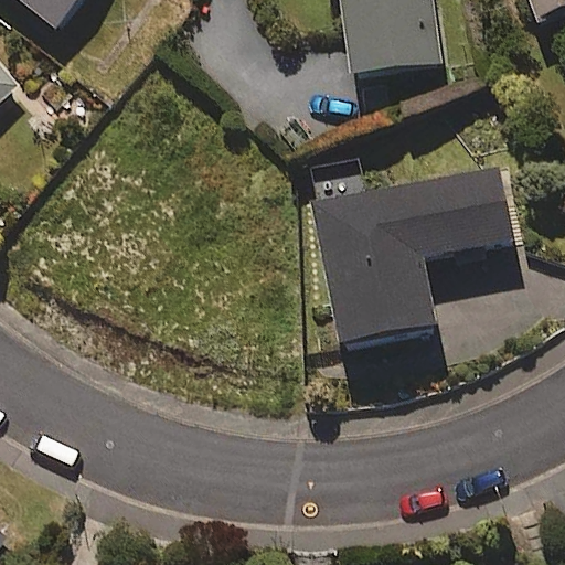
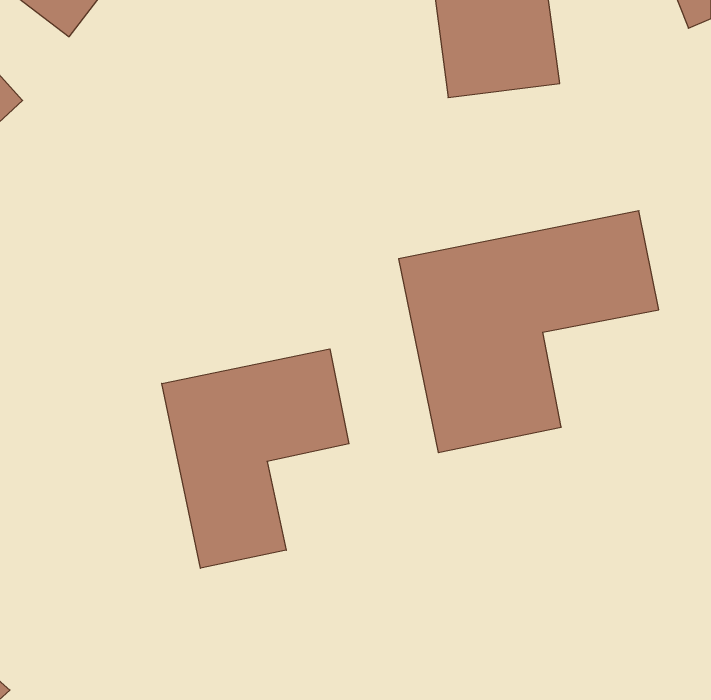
building: none -> [162,349,349,568]

